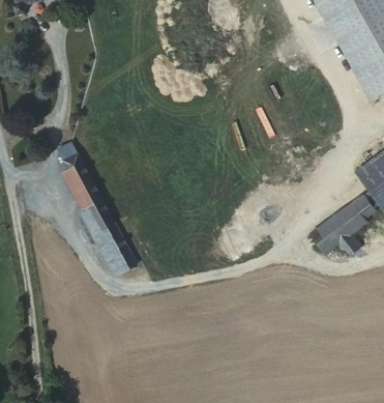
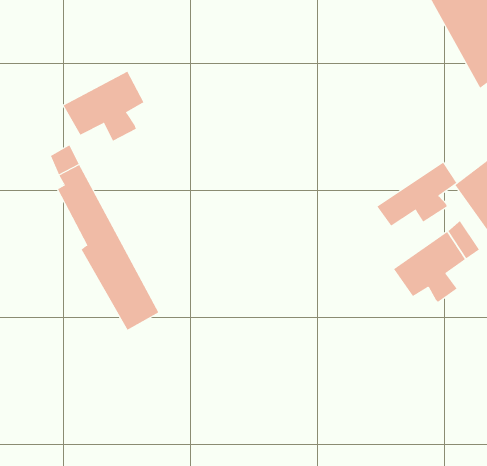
building: none -> [63,71,144,141]
building: none -> [376,162,457,226]

